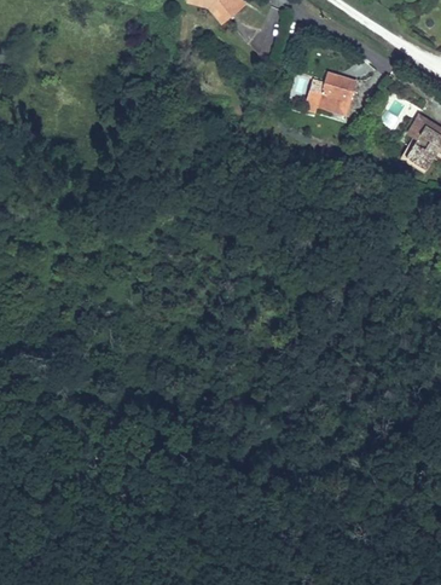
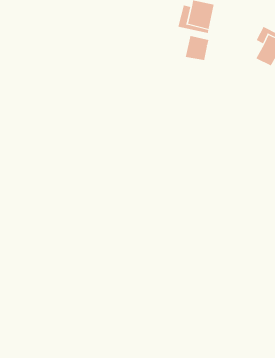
building: none -> [185,35,209,61]

